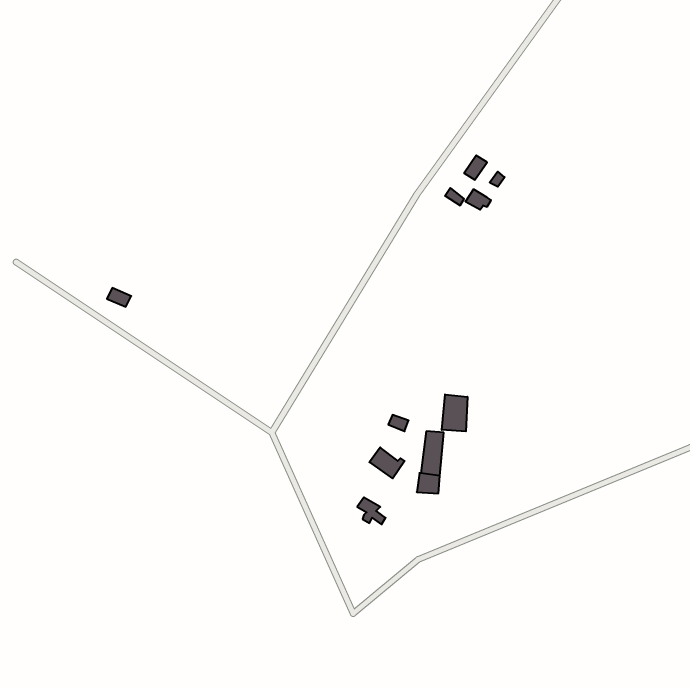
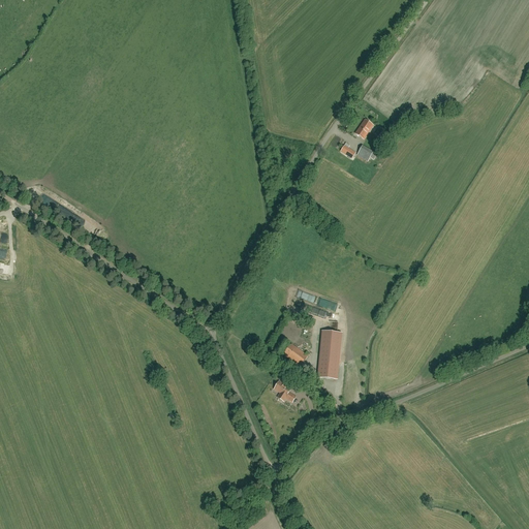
building: [442,394,467,431] -> none

